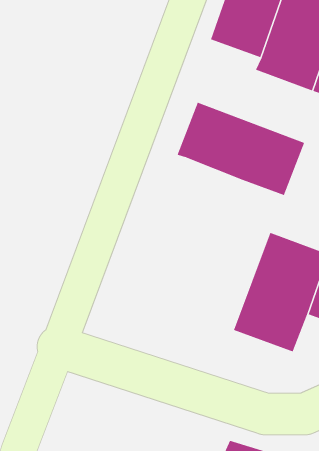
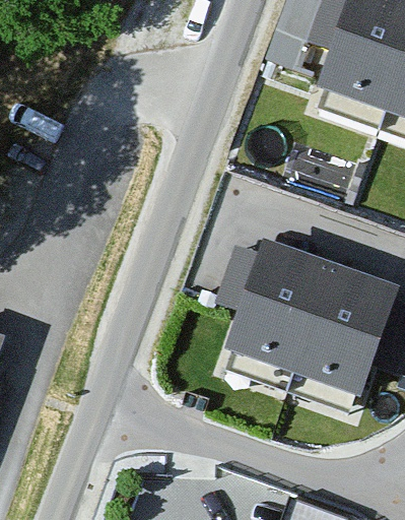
building: [177,102,305,196] -> none
building: none -> [223,239,334,373]

